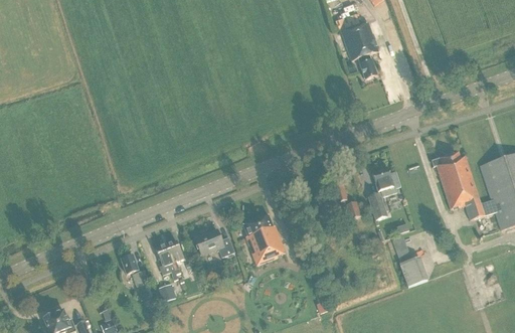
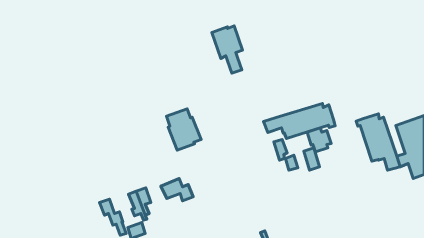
building: [341,21,378,78] -> [212,26,243,73]
building: none -> [264,103,335,138]
building: [243,214,286,265] -> [166,109,201,150]
building: [392,235,427,287] -> none

